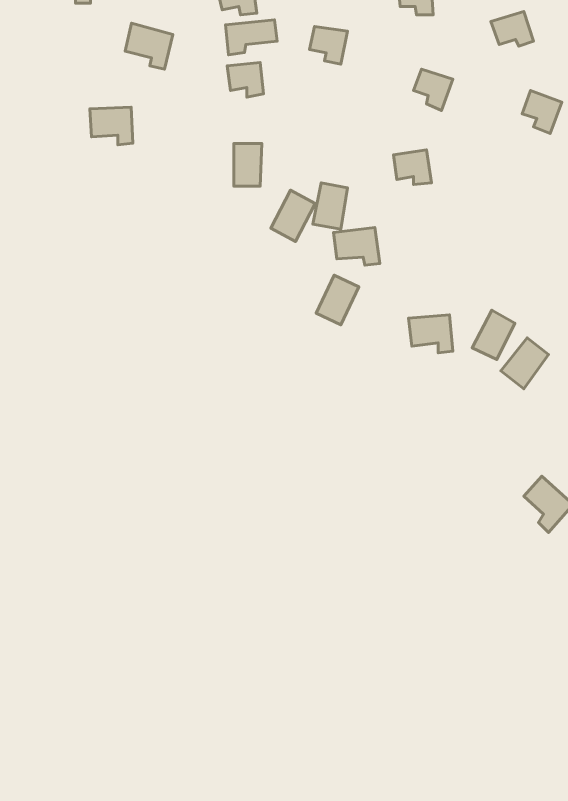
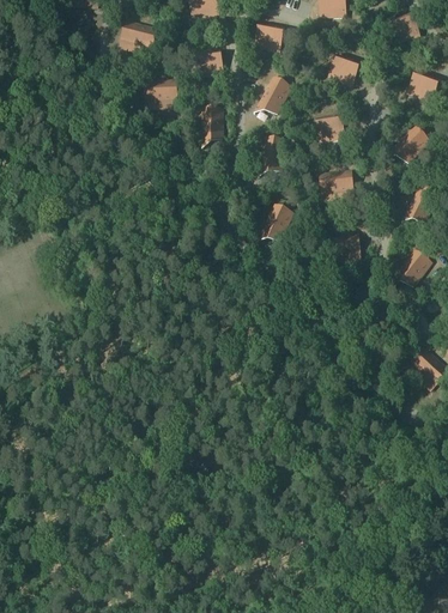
building: [226,20,277,55] -> none
building: [90,107,133,145] -> [145,79,176,107]
building: none -> [392,126,428,162]
building: [271,190,315,241] -> [256,77,289,114]
building: [334,227,380,265] -> [320,170,353,198]
building: [472,310,515,360] -> [405,184,436,220]

